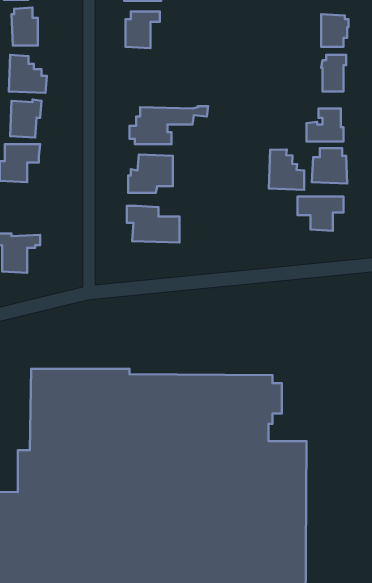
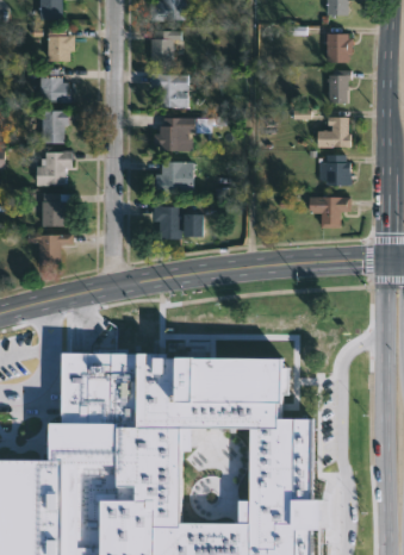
building: none -> [150,73,188,107]
building: [269,150,304,190] -> none
building: none -> [42,192,76,227]

